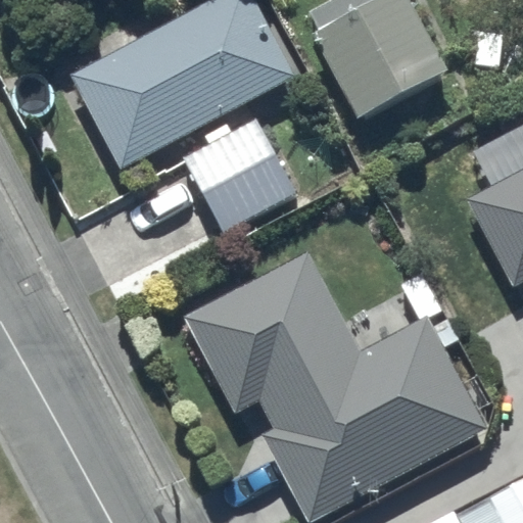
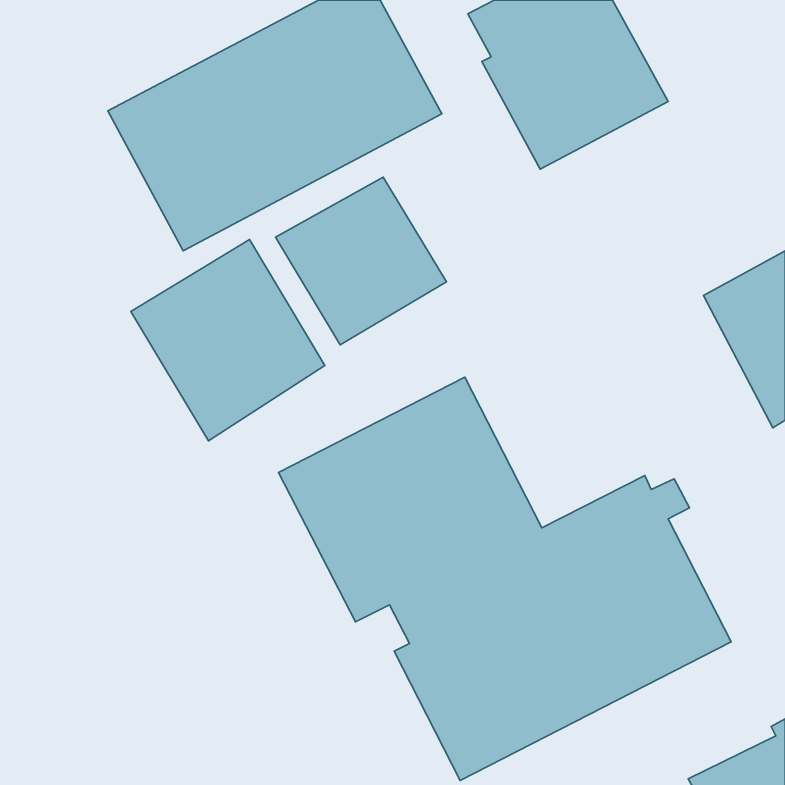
building: none -> [131,240,325,441]

